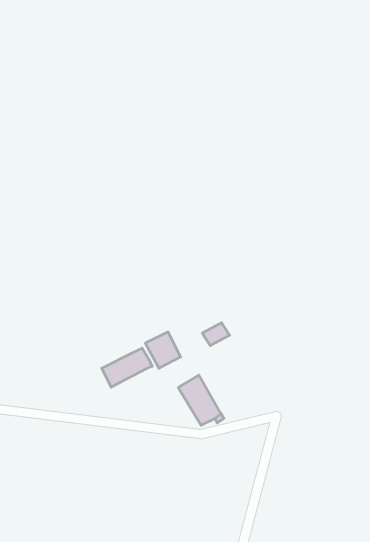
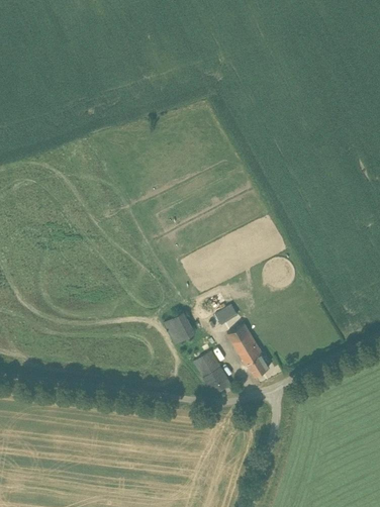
building: none -> [227,324,268,377]
building: [102,348,152,387] -> none

